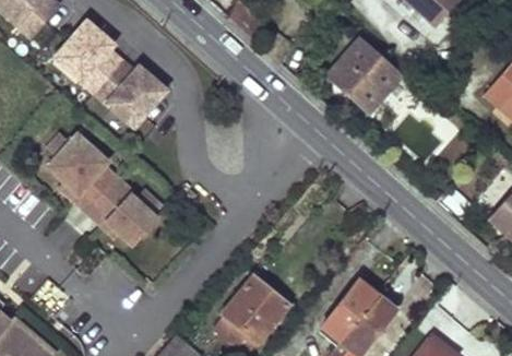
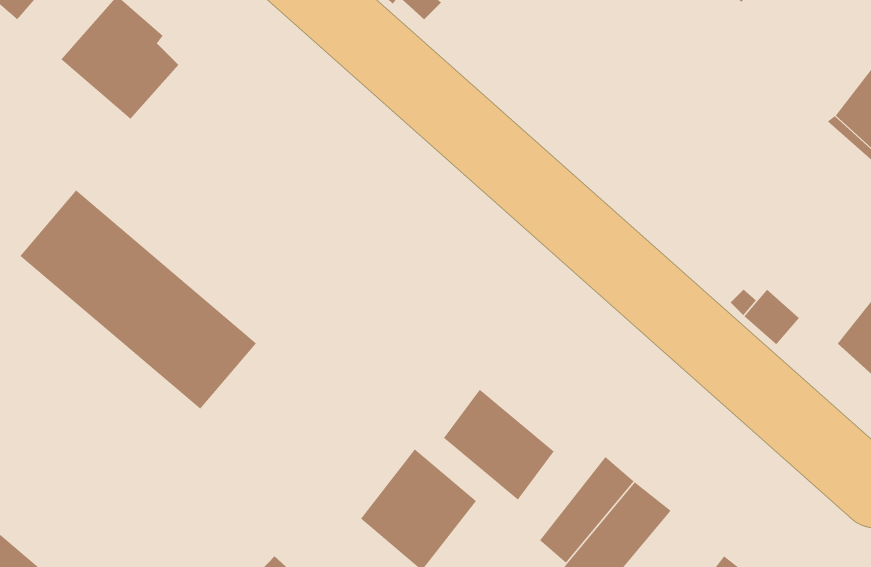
building: [329,38,401,110] -> none
building: [94,61,165,127] -> none
building: none -> [443,389,555,501]

